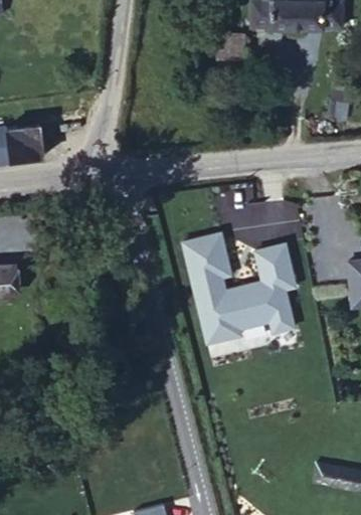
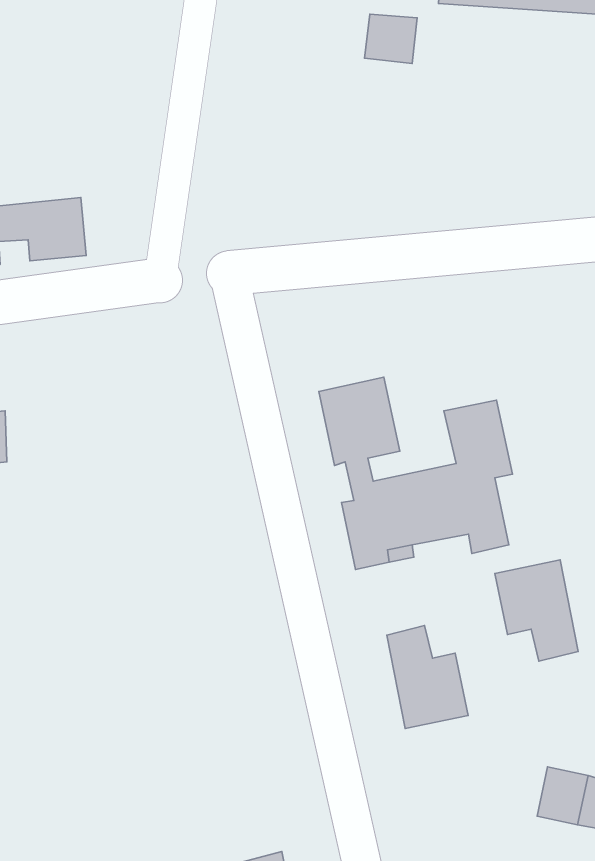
building: none -> [495,560,578,661]
building: none -> [387,626,468,729]

